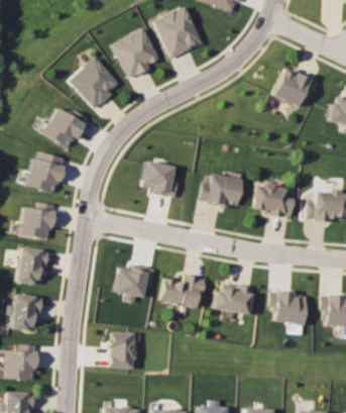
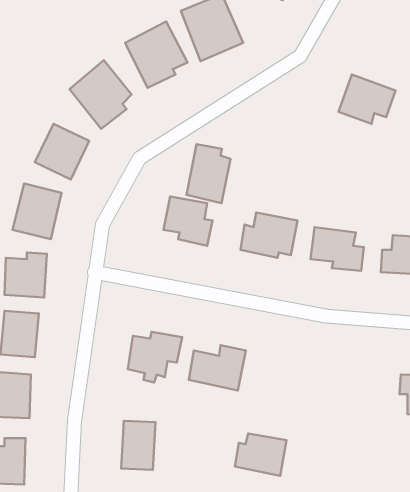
building: none -> [187,144,230,203]
building: [213,283,252,315] -> [235,433,287,476]
building: [269,291,306,323] -> none

